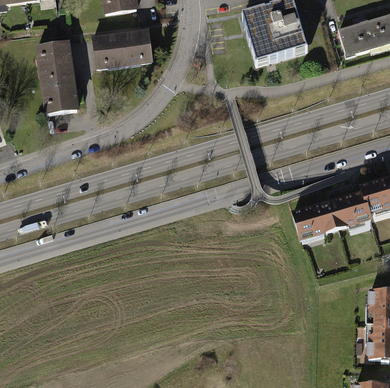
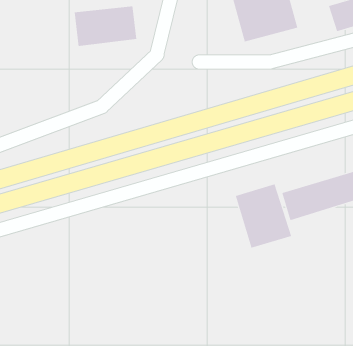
building: [36,42,78,117] -> none
building: none -> [235,184,292,249]

